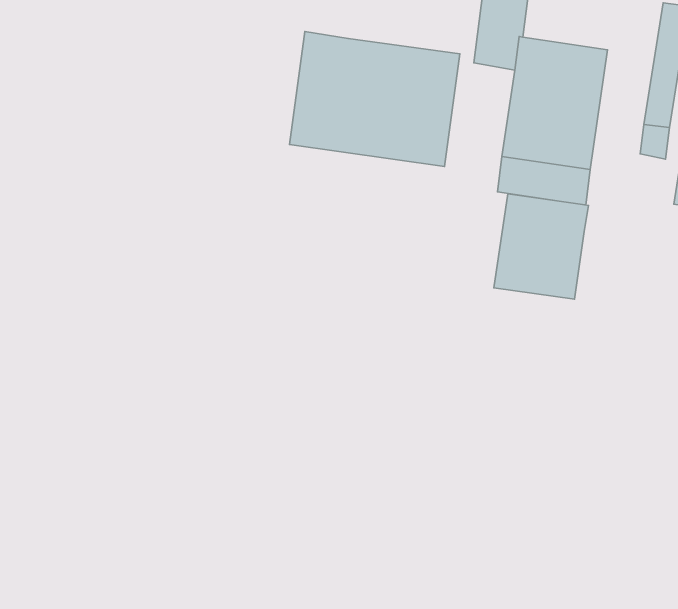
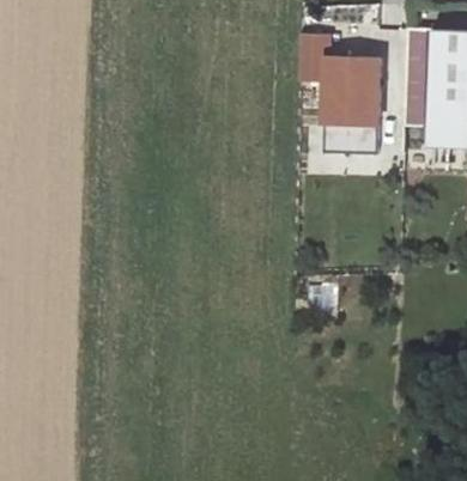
building: [290,32,460,166] -> none
building: [494,194,588,299] -> none

